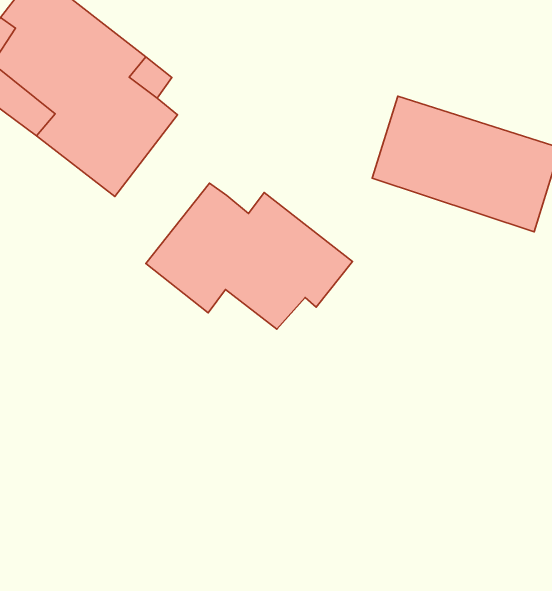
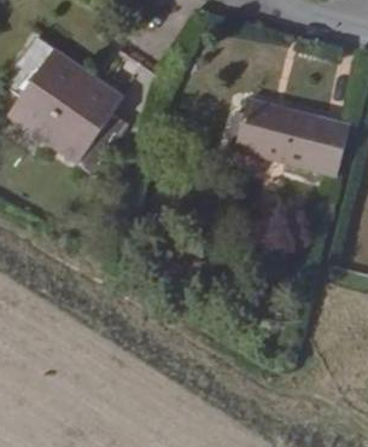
building: [146,183,353,329] -> none

